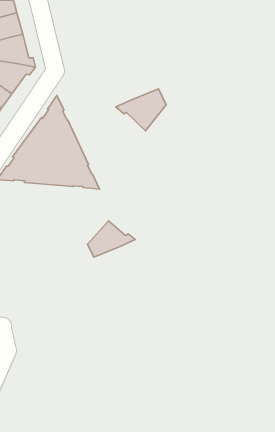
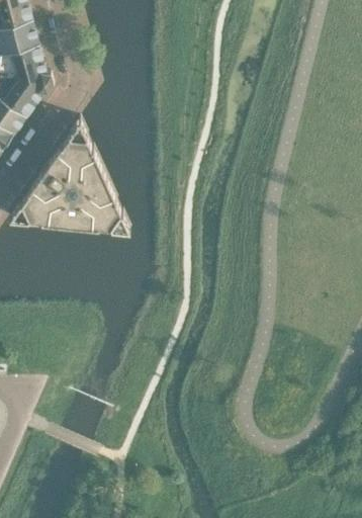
building: [116,89,166,131] -> none
building: [88,221,135,257] -> none

